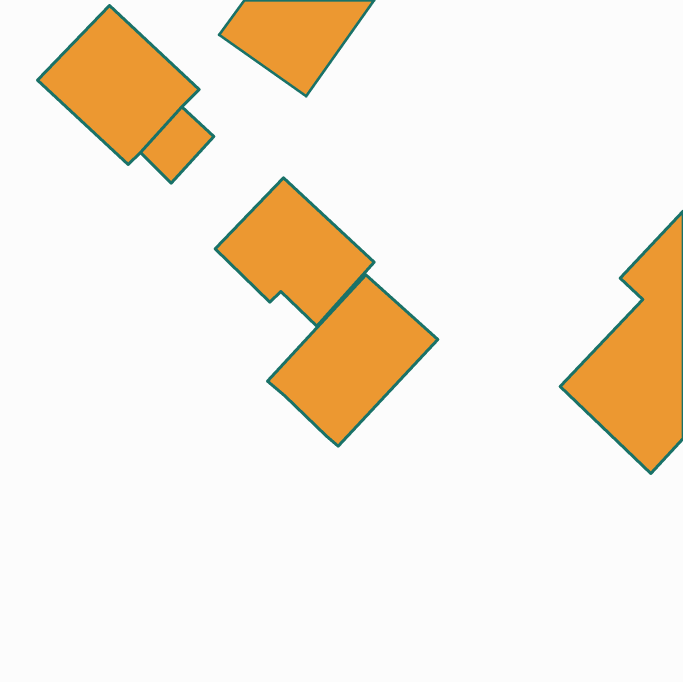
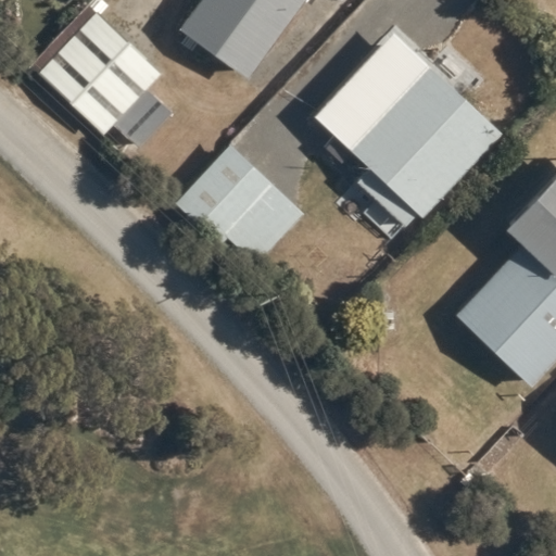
building: none -> [313,30,502,225]
building: [267,275,438,446] -> none

